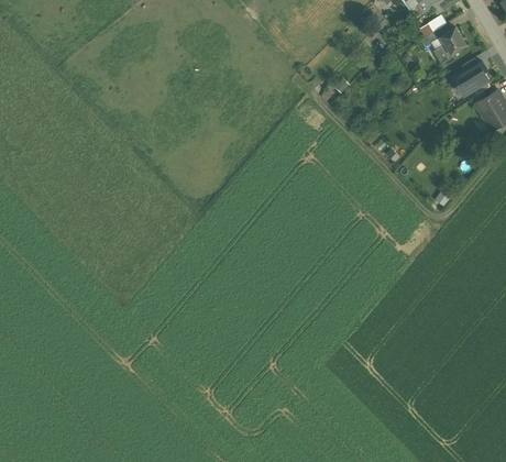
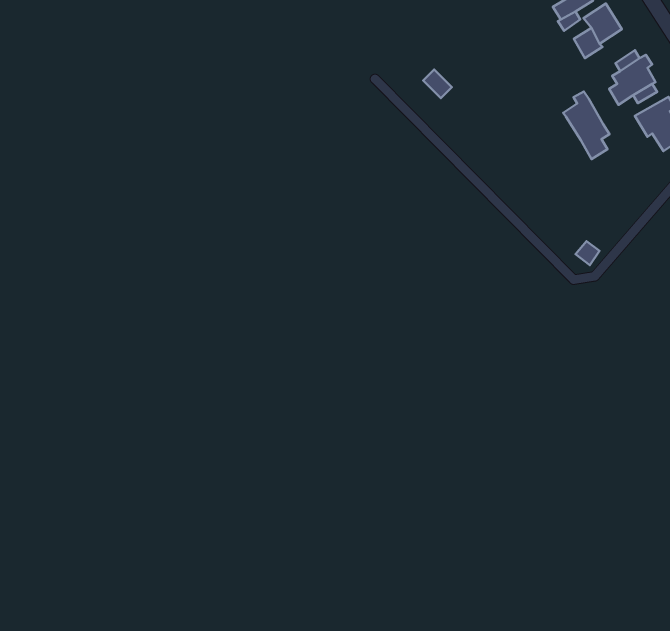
building: none -> [563,92,609,159]

